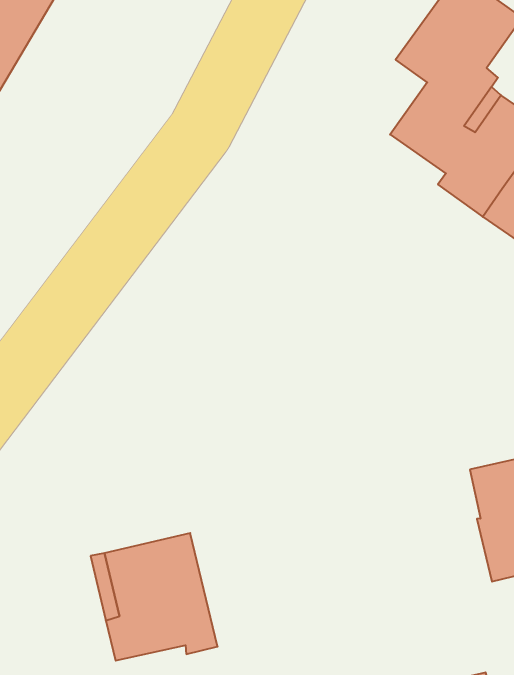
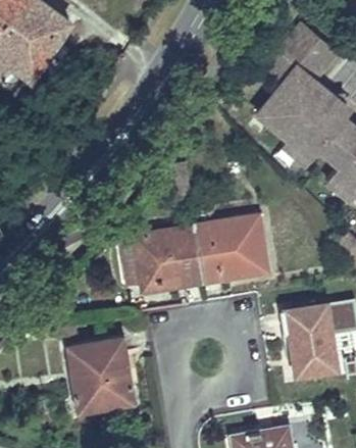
building: none -> [124,218,267,291]

